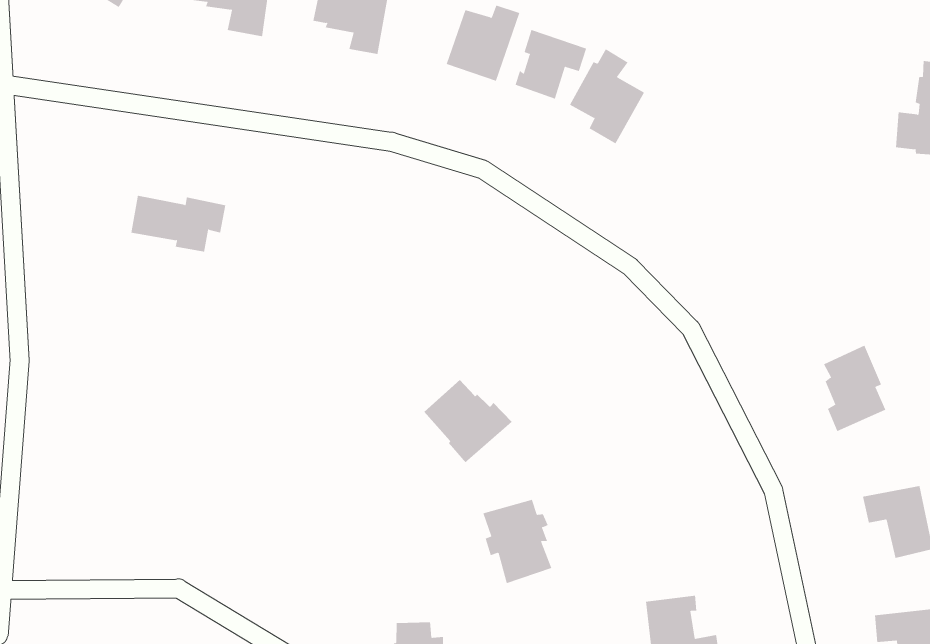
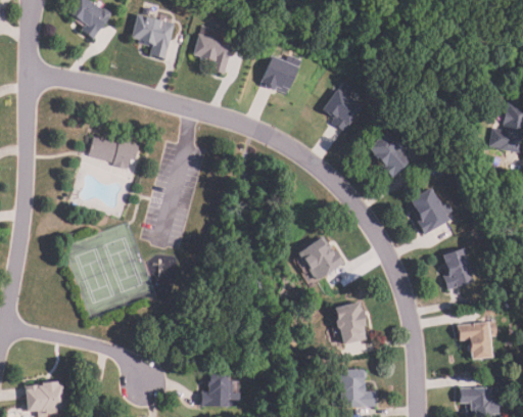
building: [515,29,587,99] -> none
building: none -> [368,129,411,177]
building: none -> [411,187,455,234]
building: [423,379,513,463] -> [298,236,344,280]
building: [483,499,552,584] -> [334,302,368,344]

